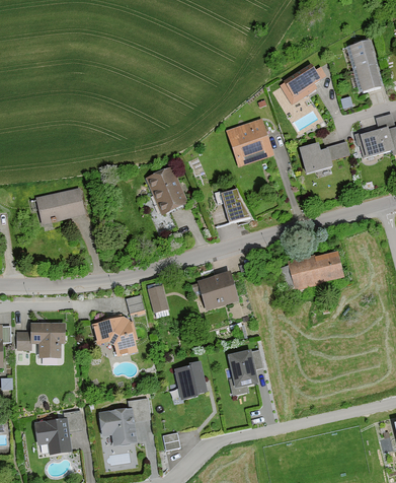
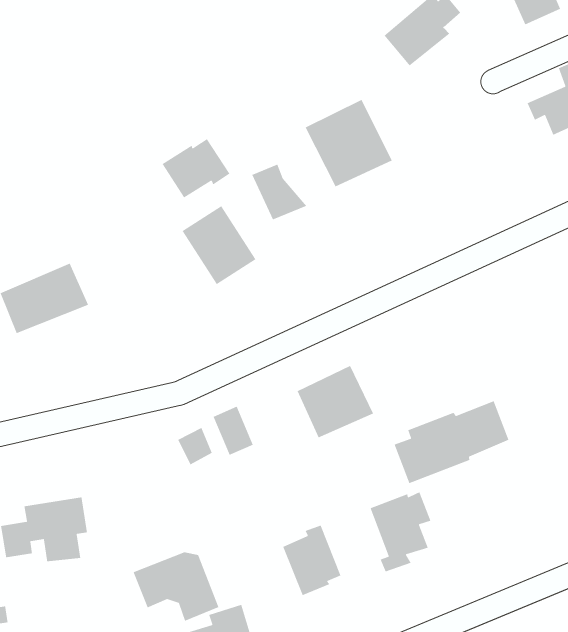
building: none -> [162,138,230,198]
building: [300,143,349,174] -> none
building: [223,190,252,222] -> [251,163,307,221]
building: [278,252,344,292] -> [394,400,509,484]
building: [91,316,138,356] -> [133,551,219,622]

